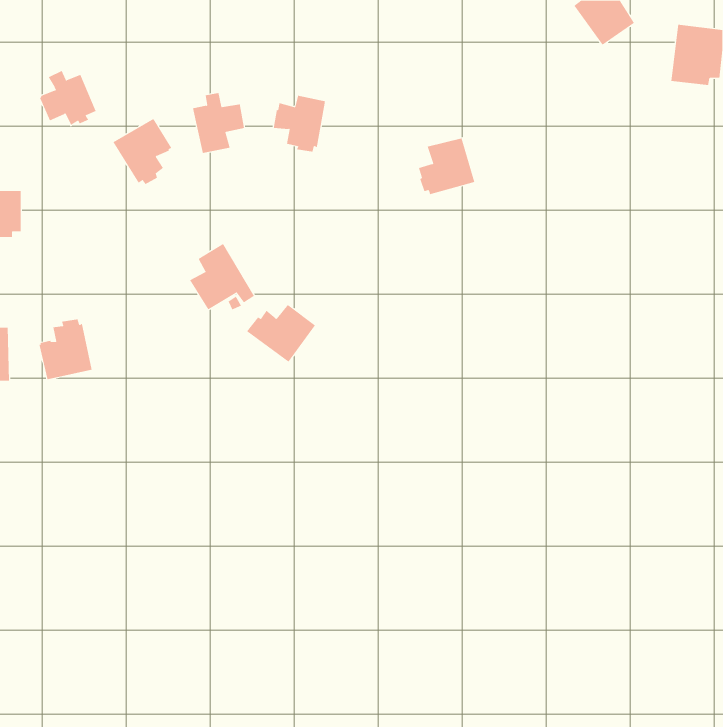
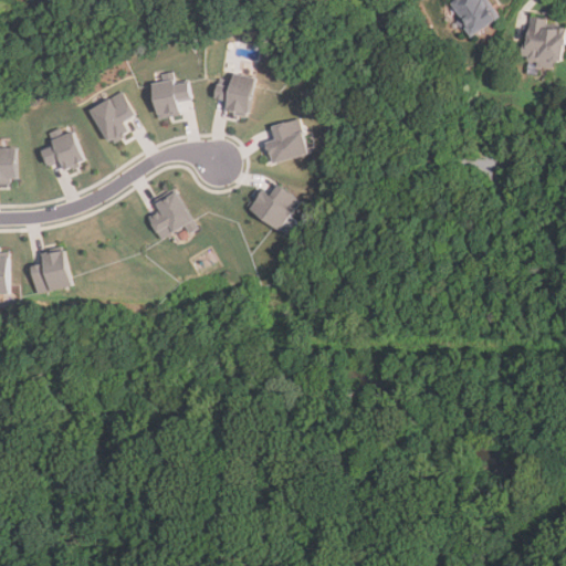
building: [39,70,96,126] -> [41,128,85,171]
building: [418,138,475,195] -> [263,119,307,164]
building: [246,304,316,362] -> [244,186,298,231]

